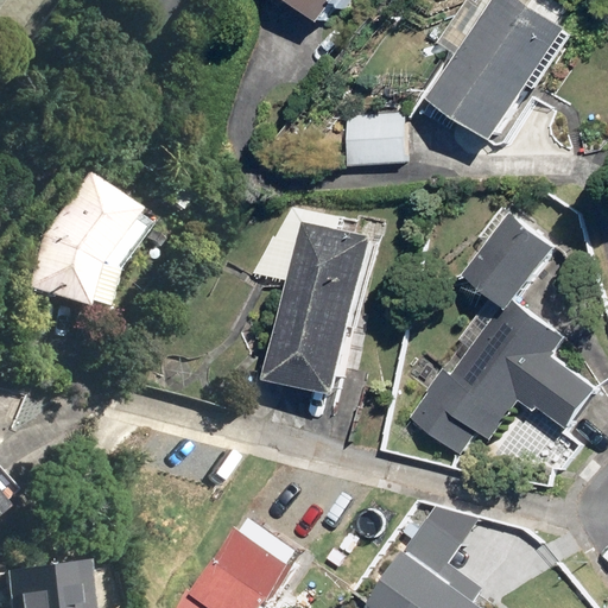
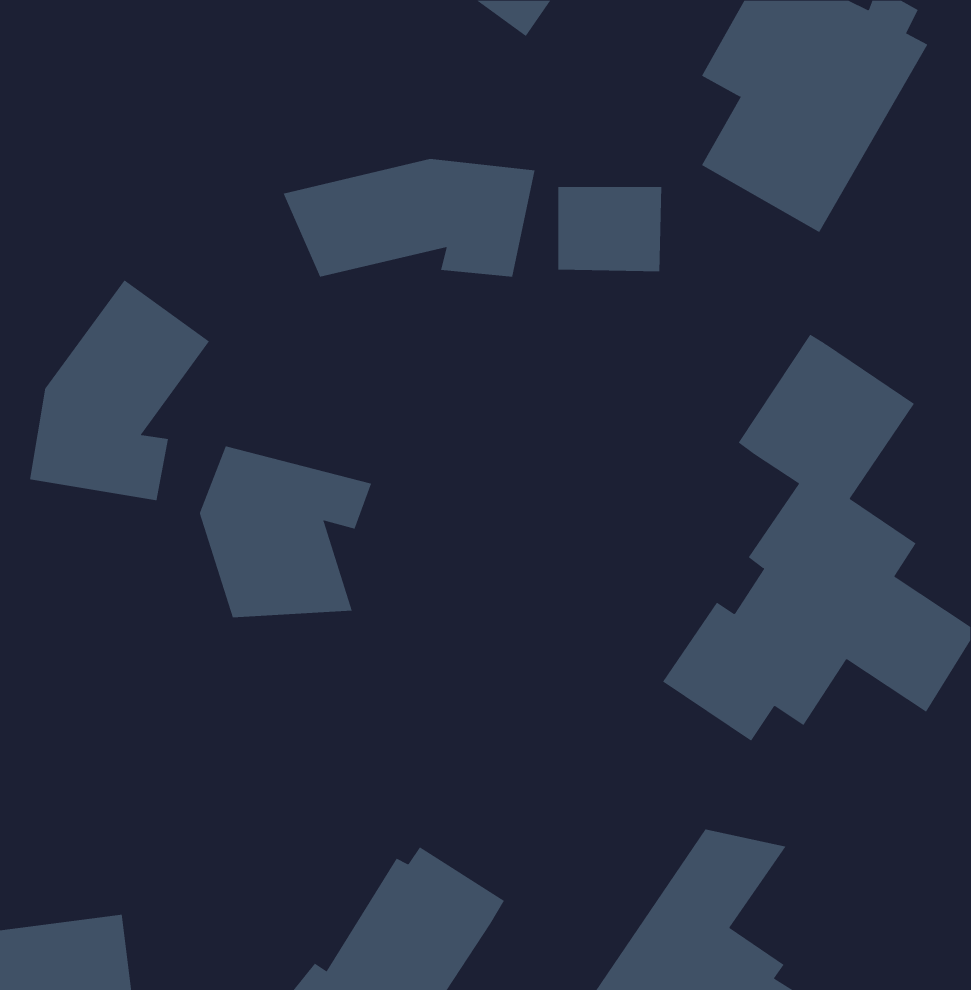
building: none -> [283,158,535,277]
building: [245,205,370,394] -> none
building: none -> [199,446,372,618]

